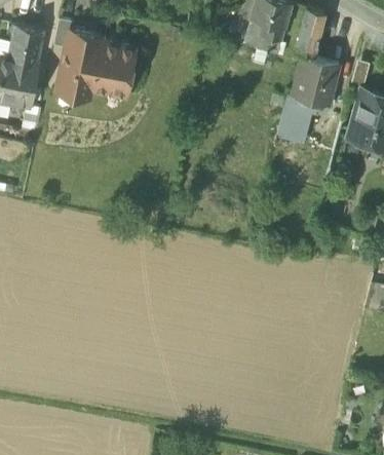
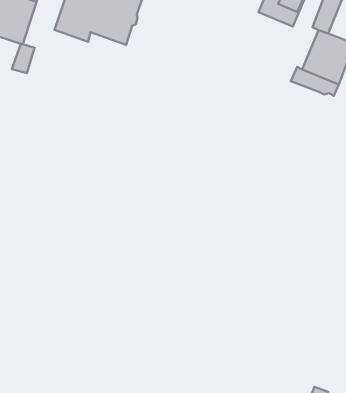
building: [277,107,311,142] -> none

